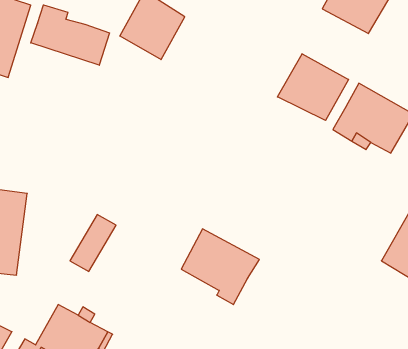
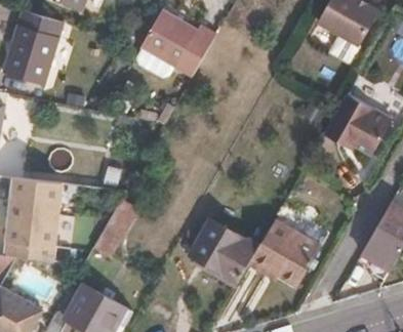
building: [31,5,109,65] -> none
building: [277,54,349,120] -> none
building: none -> [250,217,320,283]

